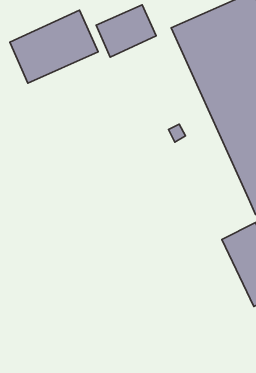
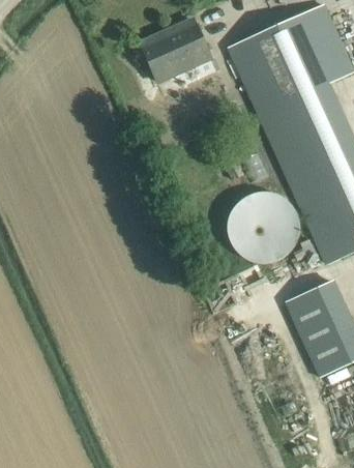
building: [10,10,98,83] -> none
building: none -> [227,191,299,262]

